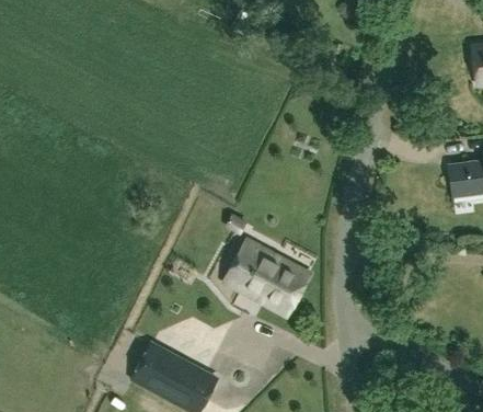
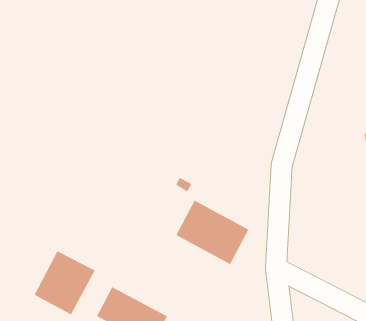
building: none -> [34,250,95,315]

